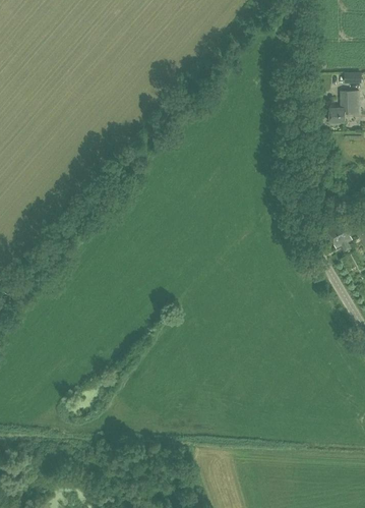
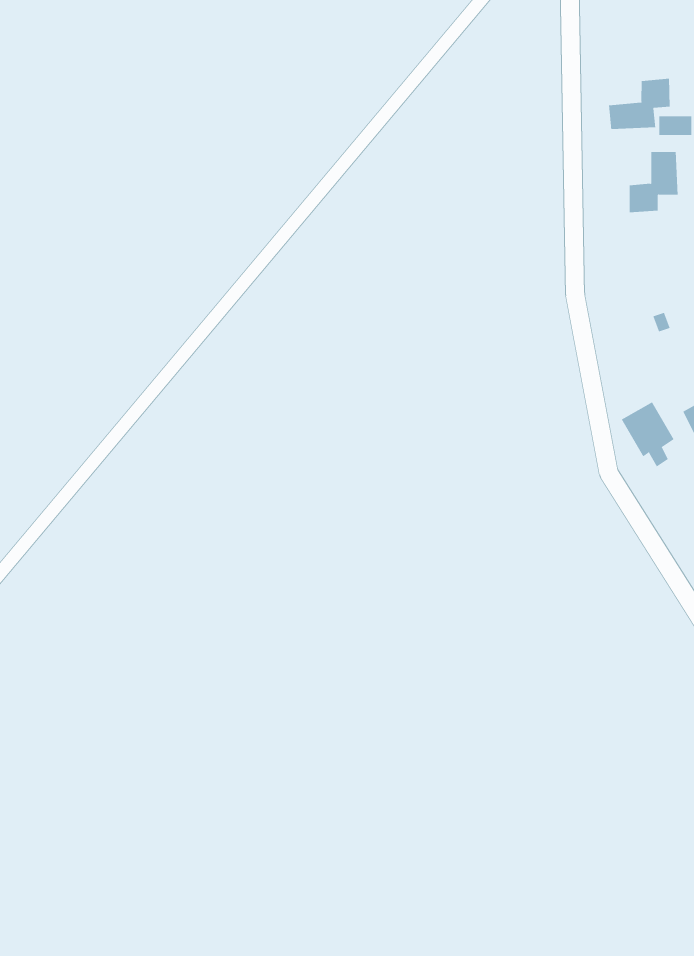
building: none -> [608,78,670,130]

